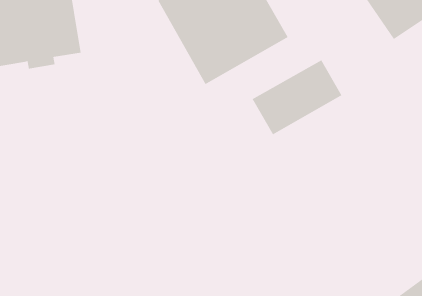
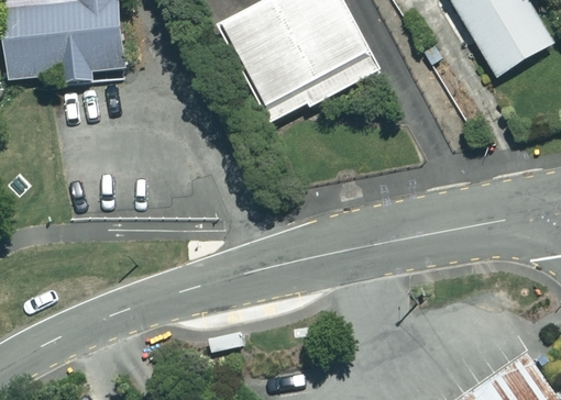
building: [252,59,342,135] -> none

